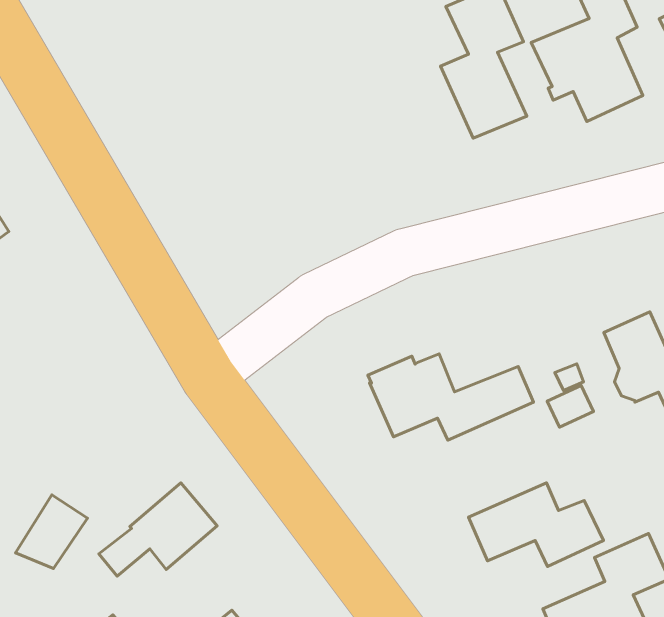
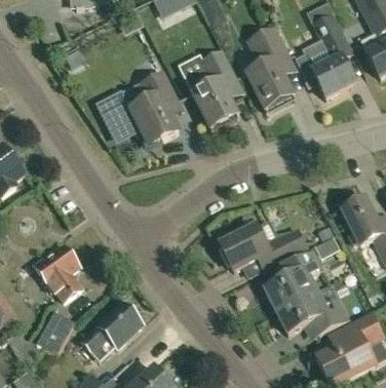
building: none -> [183,49,238,128]
building: none -> [99,72,178,145]
building: none -> [35,244,81,300]
building: none -> [264,250,321,310]

